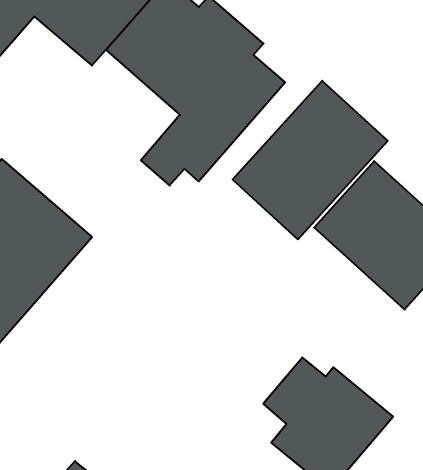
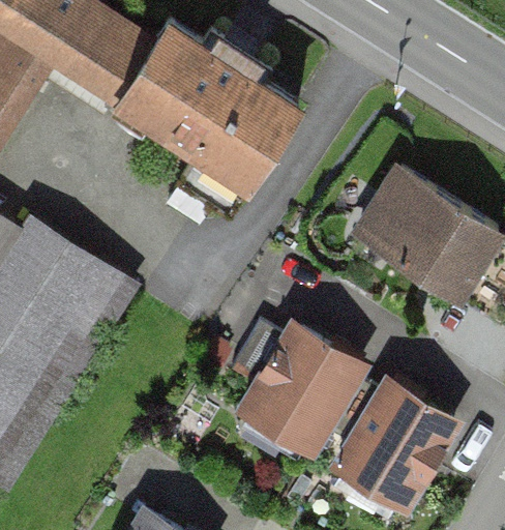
building: [233,81,388,239] -> none
building: none -> [235,320,363,446]

